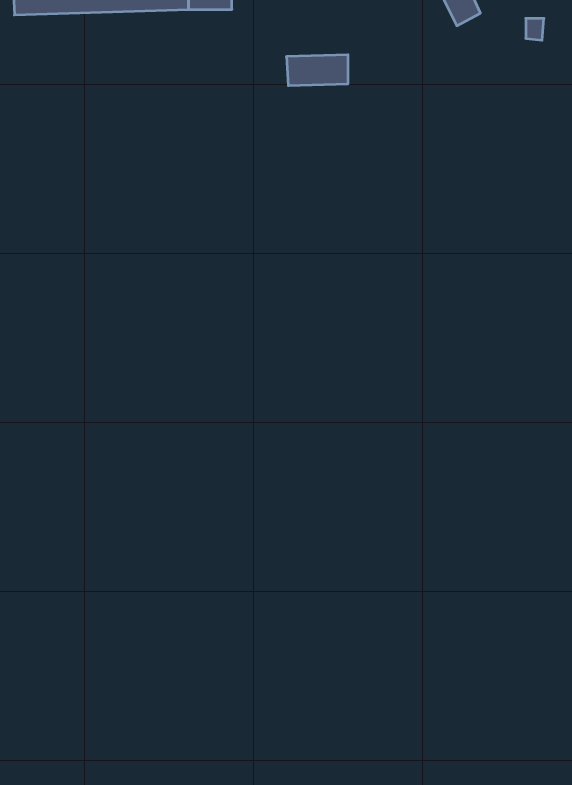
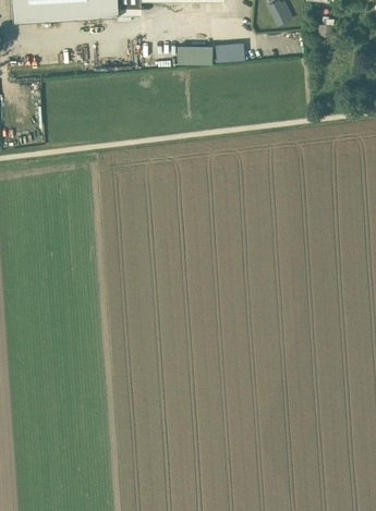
building: none -> [216,42,245,62]

